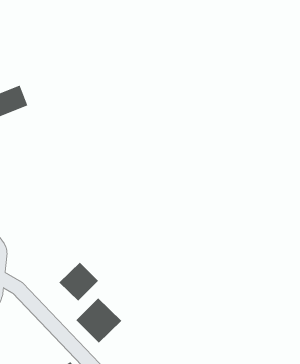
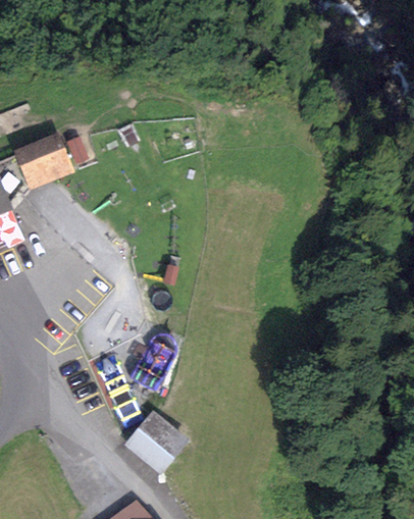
building: [59,262,99,301] -> none

